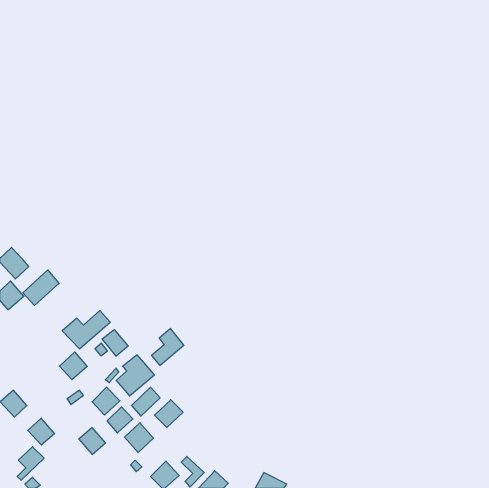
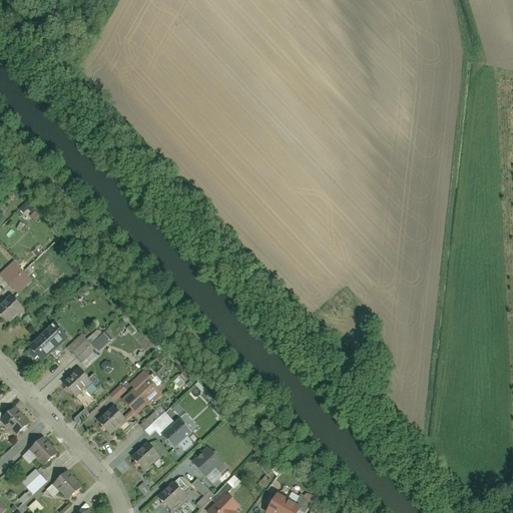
building: [23,270,59,305] -> [30,324,68,361]
building: [152,328,184,366] -> none
building: [102,330,128,356] -> none
building: [107,407,133,433] -> none
building: [79,428,106,454] -> [53,472,81,500]
building: none -> [192,448,223,476]

